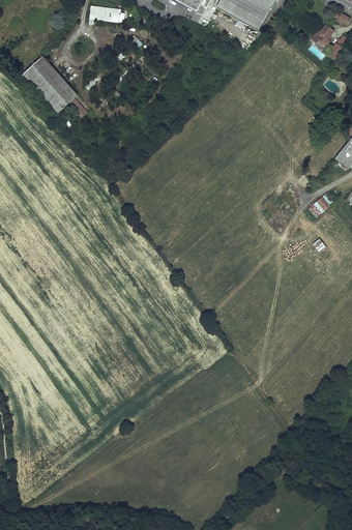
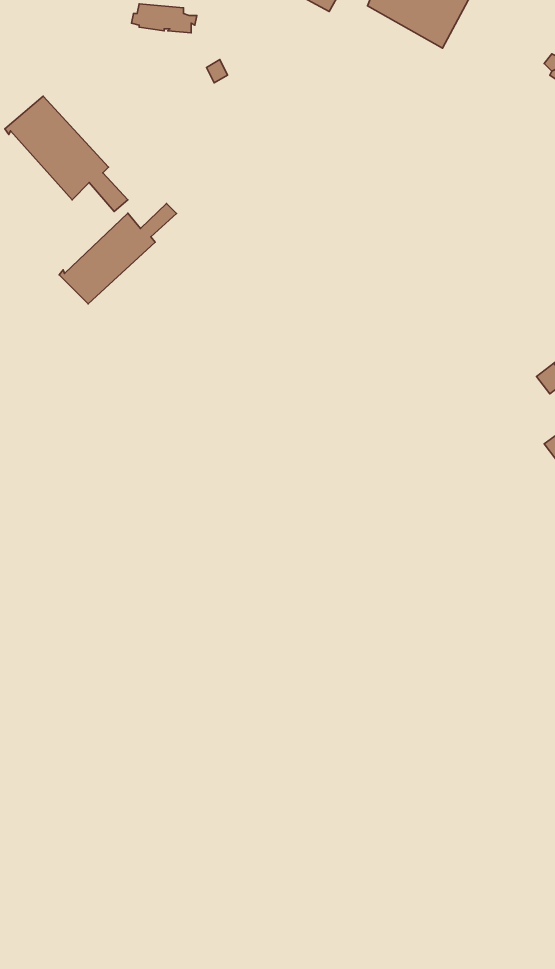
building: none -> [59,203,177,304]

